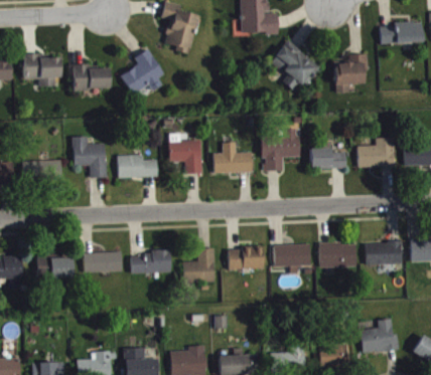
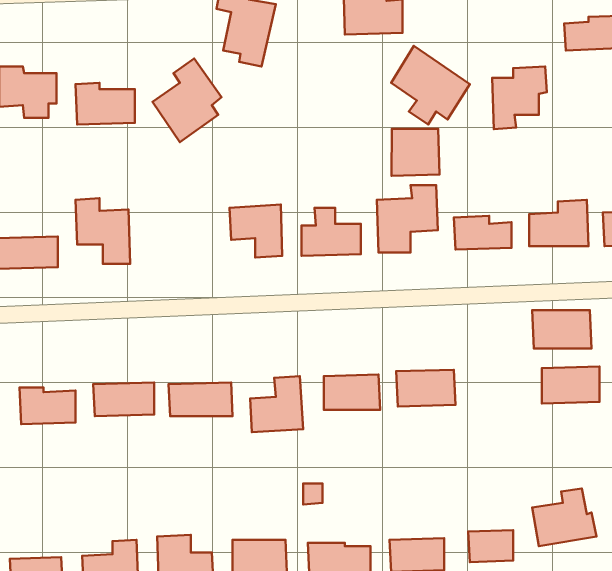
building: none -> [391,129,439,176]
building: [118,154,158,177] -> none
building: [319,242,356,266] -> [532,310,592,348]

